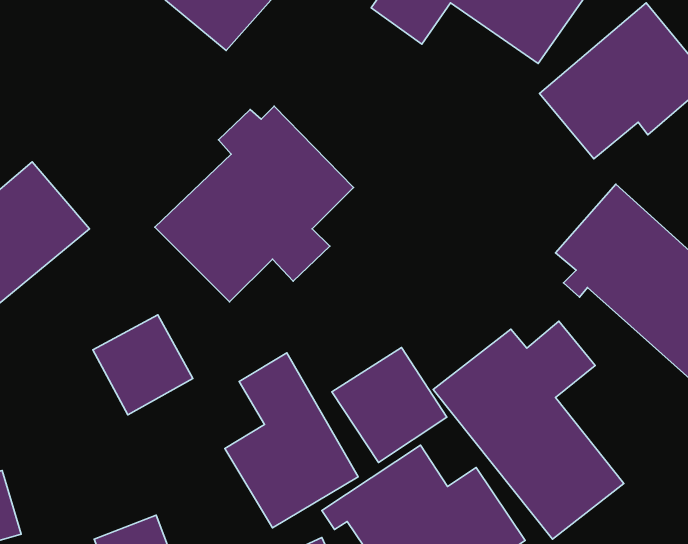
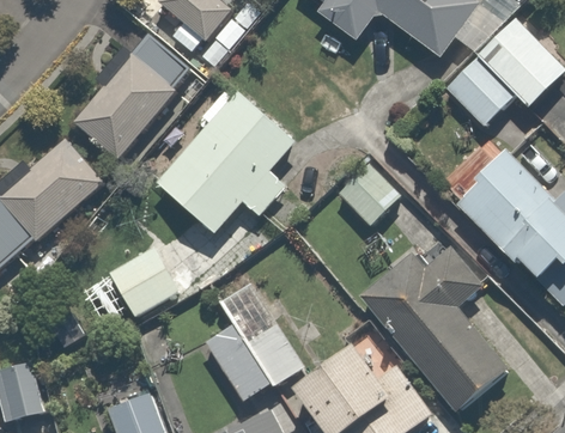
building: none -> [74,29,195,157]
building: none -> [340,161,405,226]
building: [332,348,447,462] -> none

